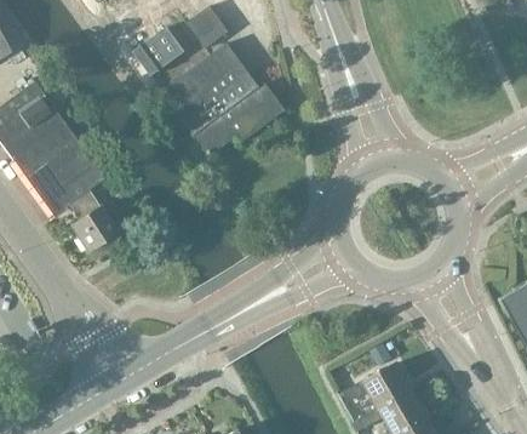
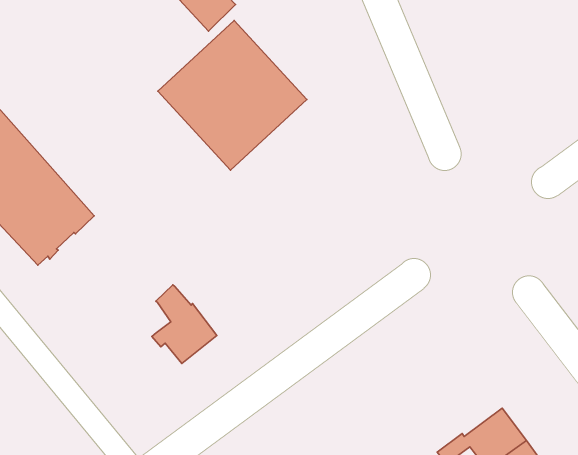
building: [136,28,187,76] -> none
building: [67,192,116,252] -> [152,285,217,363]

